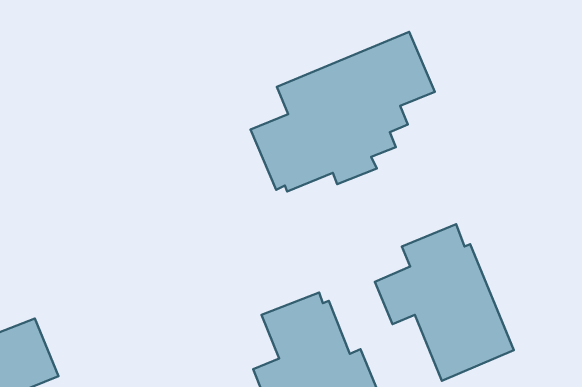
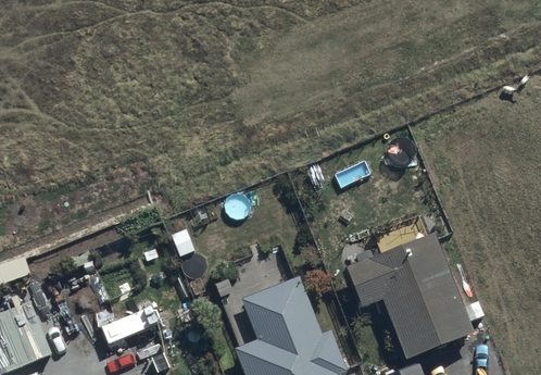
building: [250,32,435,192] -> none

